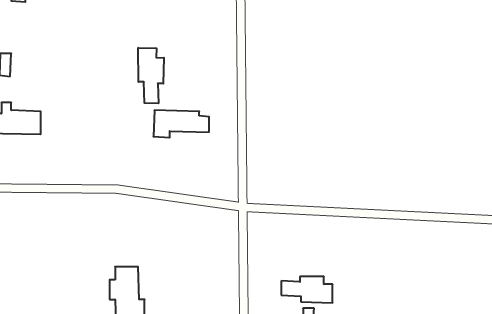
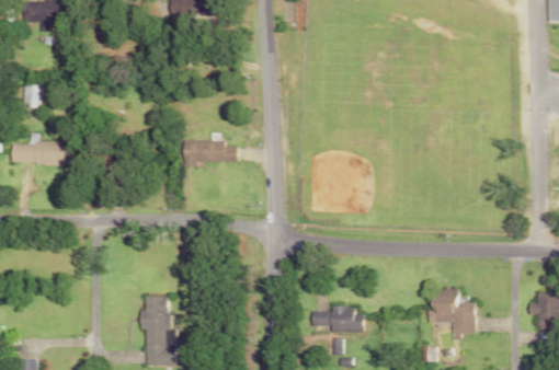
building: [138,48,164,103] -> none
building: none -> [427,289,475,339]

